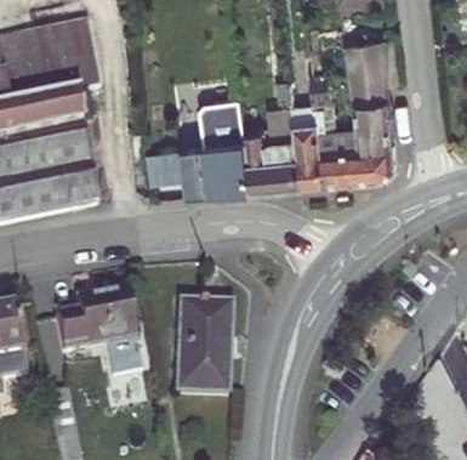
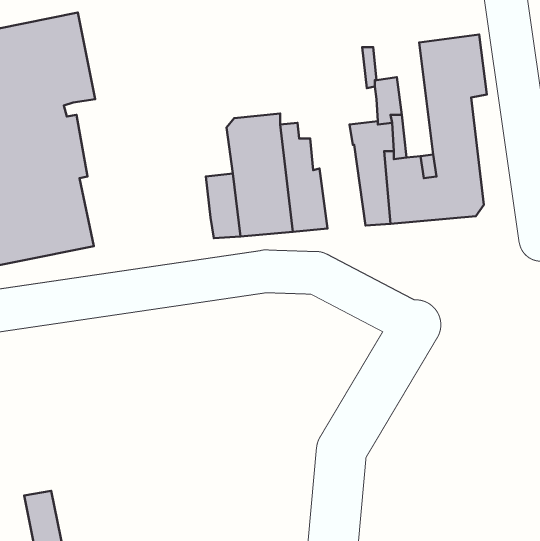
building: [268,79,307,186] -> none
building: [147,146,188,182] -> none
building: [55,290,141,374] -> none
building: [176,299,230,392] -> none

